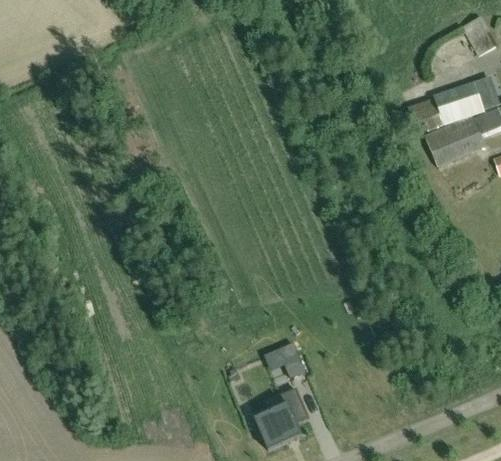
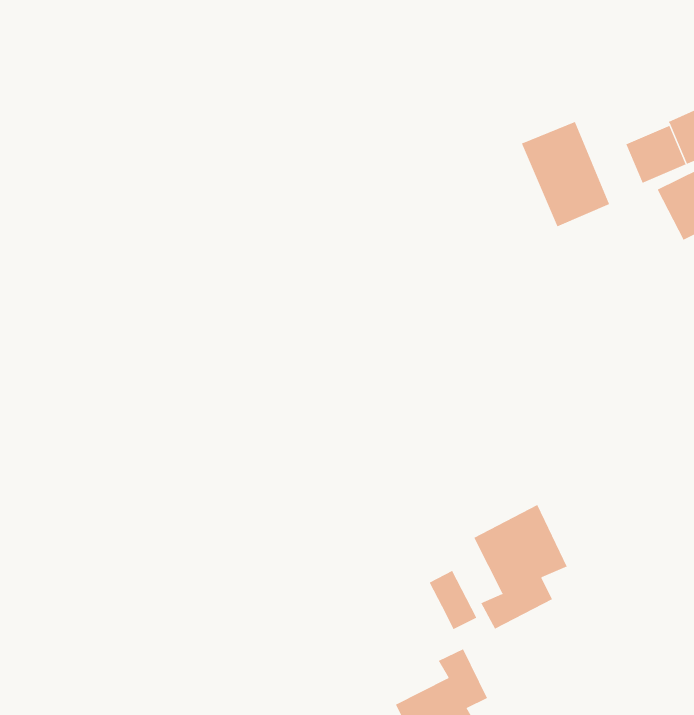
building: none -> [521,121,610,227]
building: none -> [474,504,568,630]

